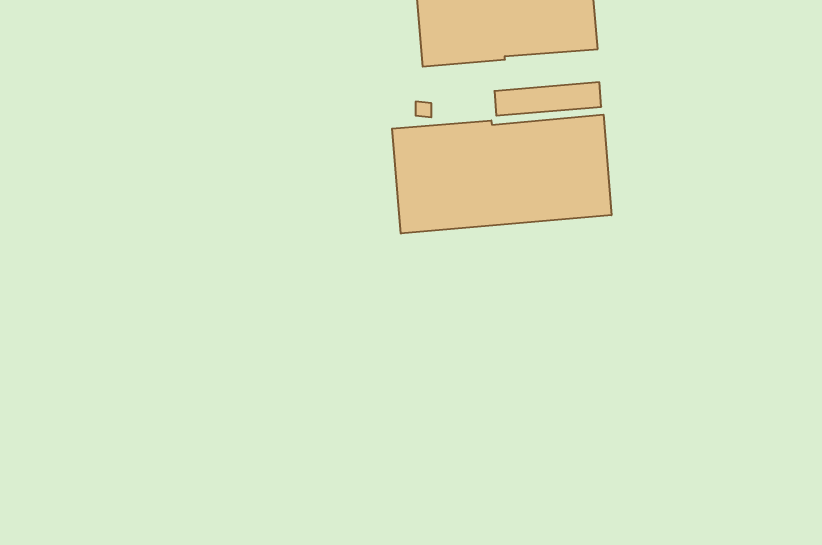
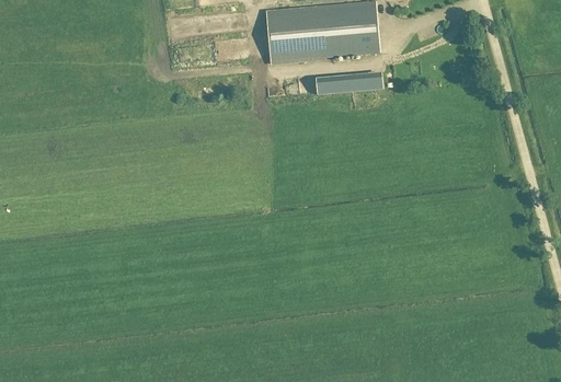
building: [392,115,611,234] -> none

